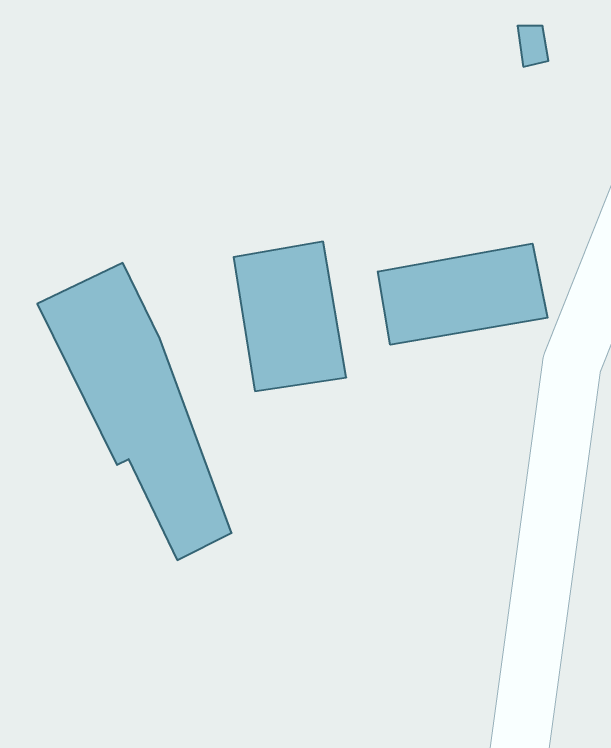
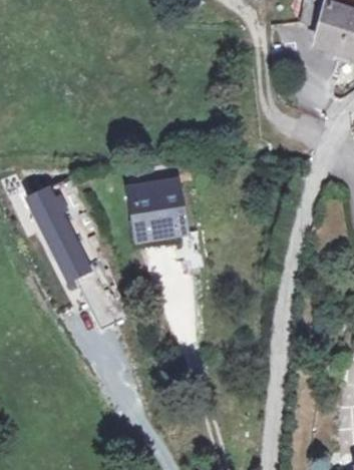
building: [378,244,548,345] -> none

